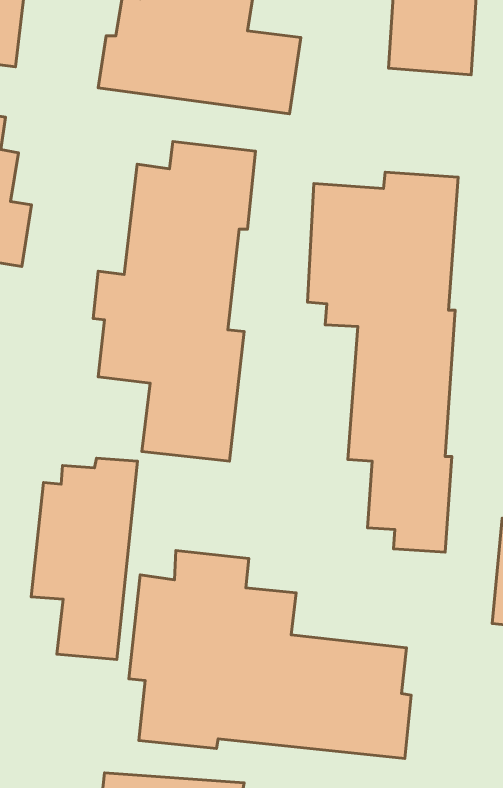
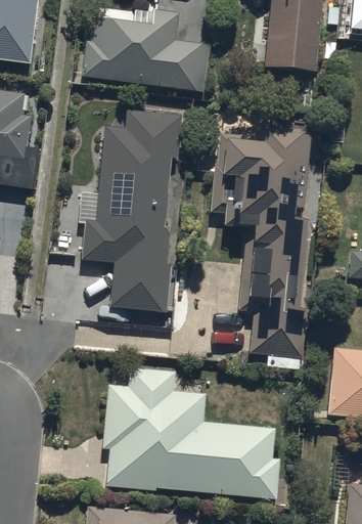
building: [31,458,137,660] -> none

